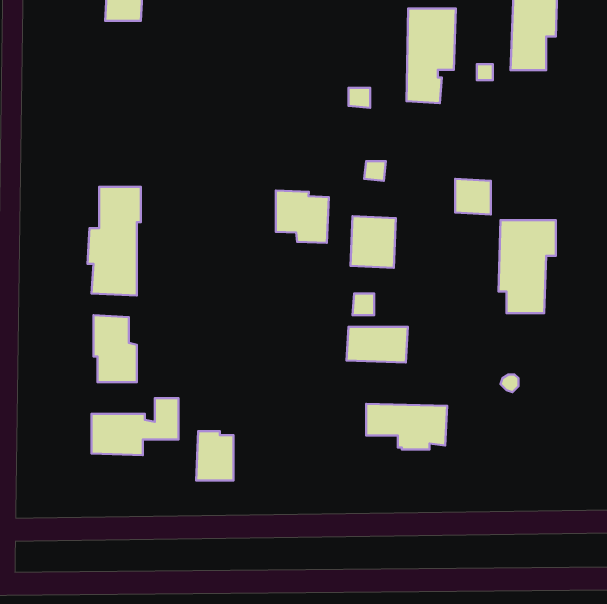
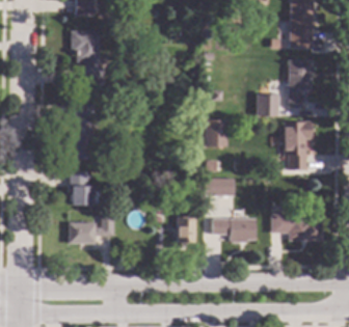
building: [406,8,456,103] -> [287,58,313,108]
building: none -> [71,30,105,85]
building: [276,190,329,243] -> none
building: none -> [271,214,323,240]
building: [196,431,234,481] -> [176,215,195,241]

